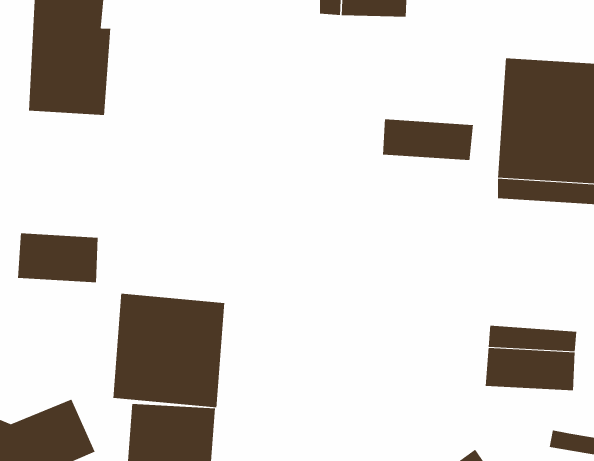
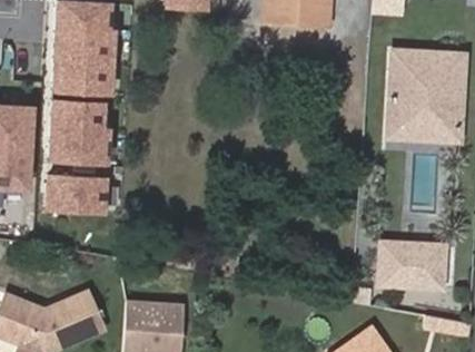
building: [383,119,474,161] -> none
building: none -> [50,98,108,160]
building: [113,293,225,408] -> none

